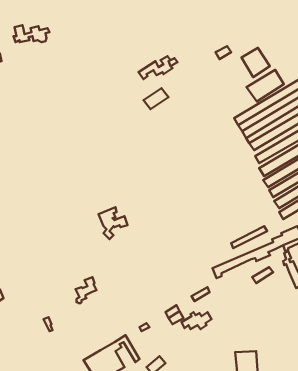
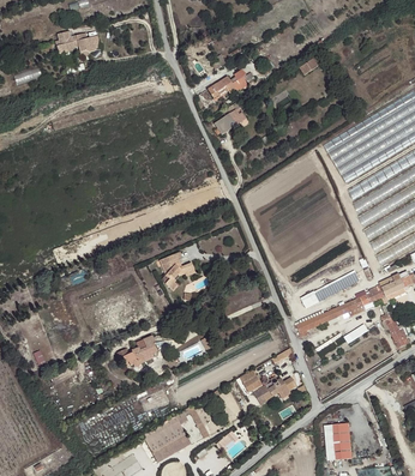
building: [241,48,270,77] -> none
building: [247,70,284,102] -> none

